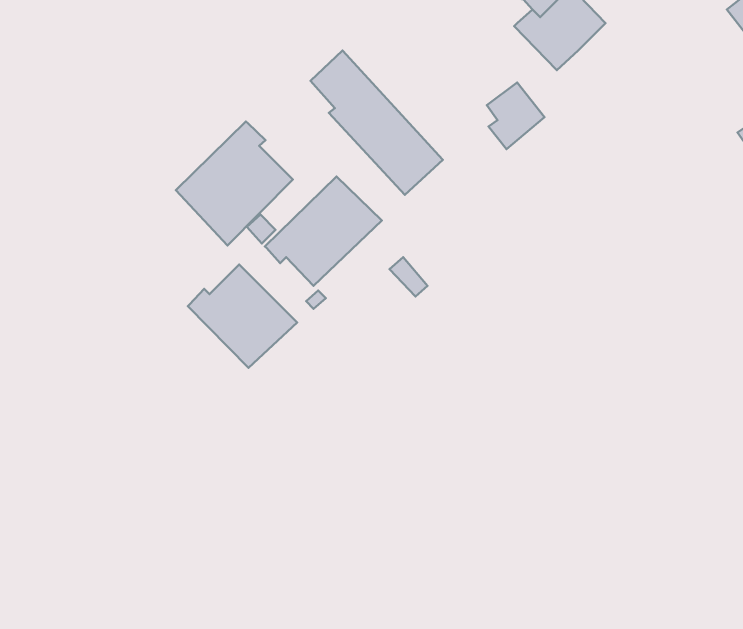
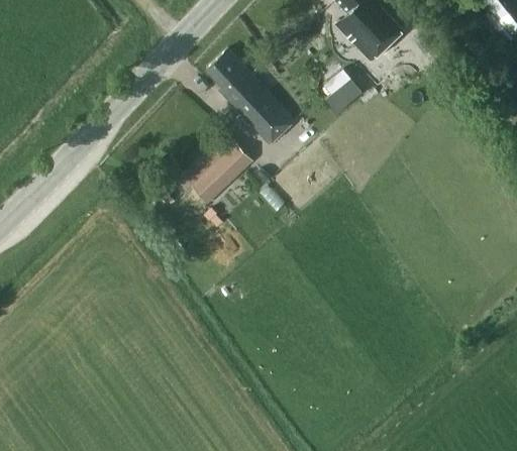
building: [176,121,293,245] -> none
building: [188,265,297,368] -> none

